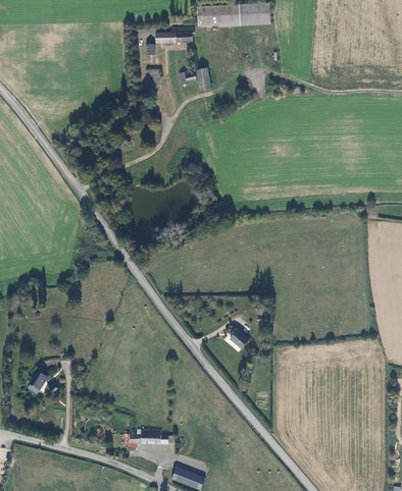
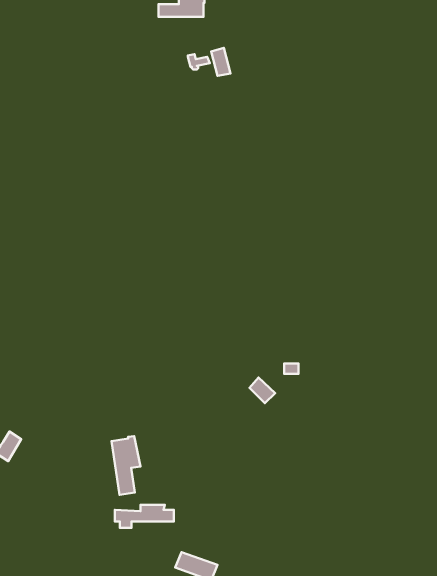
building: none -> [111,436,140,495]

